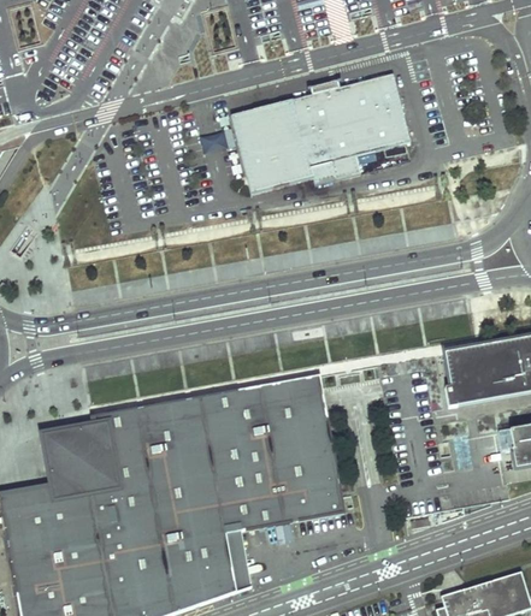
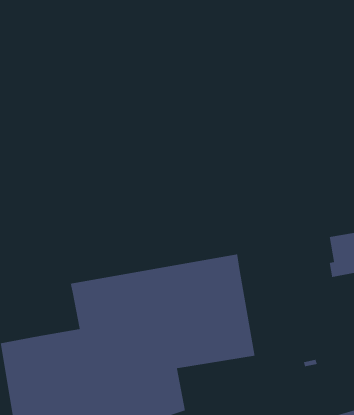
building: [231,73,409,192] -> none
building: [41,425,107,484] -> none

